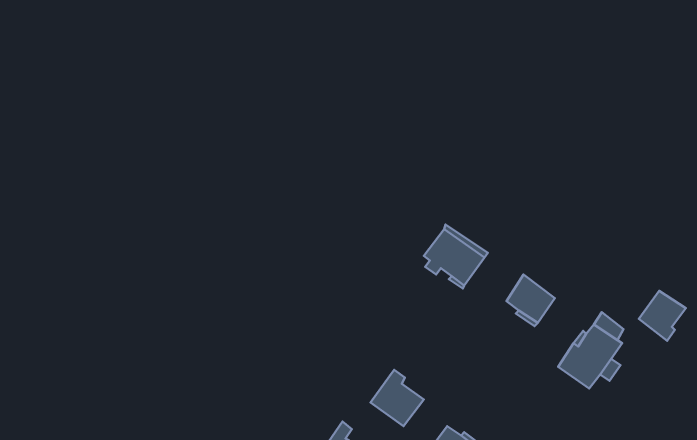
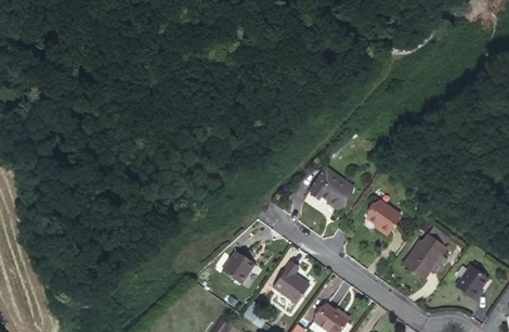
building: [639,291,686,341] -> [456,264,488,298]
building: none -> [221,250,250,283]

